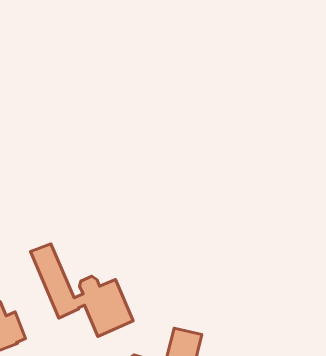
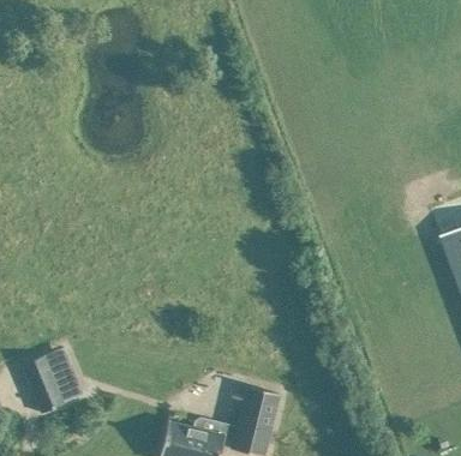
building: [30,244,133,337] -> none

